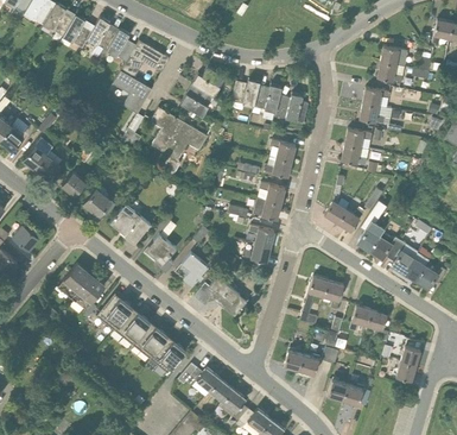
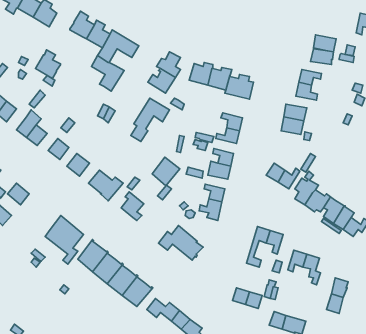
building: [63,13,93,48] -> [36,50,60,79]
building: [151,107,184,152] -> none
building: [176,251,209,285] -> [152,157,180,186]

